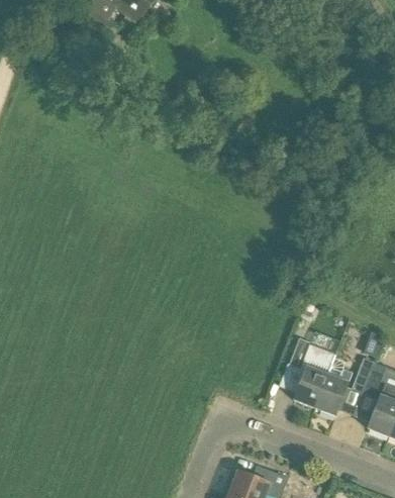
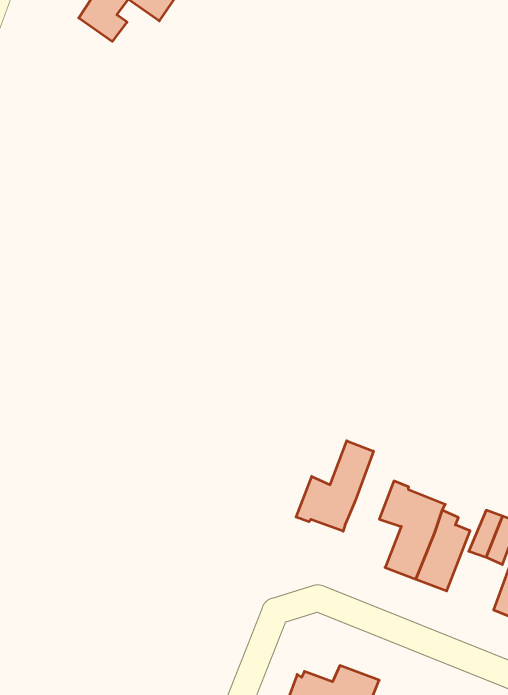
building: none -> [296,441,373,531]

